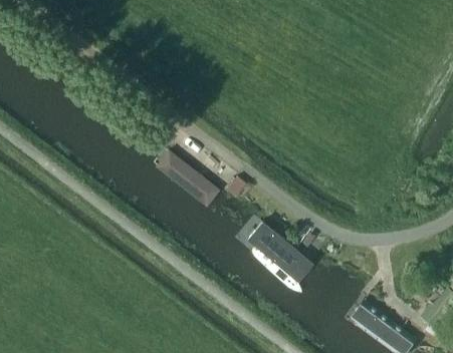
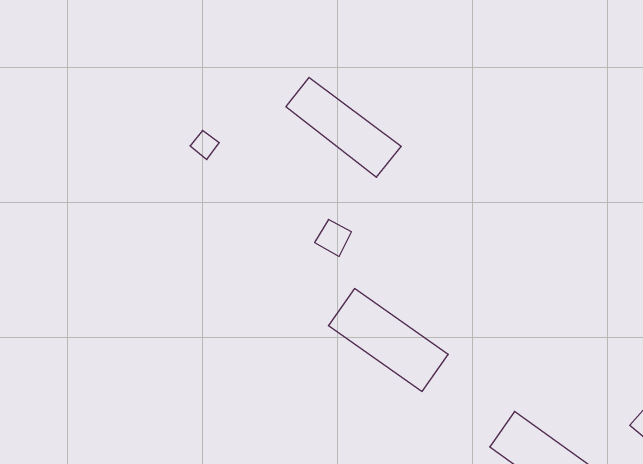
building: [147,145,222,211] -> [286,77,401,177]

